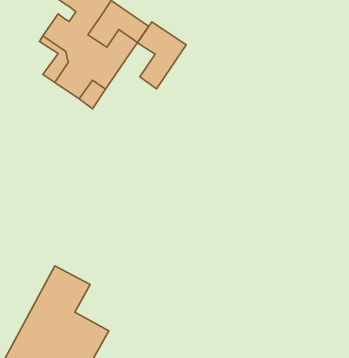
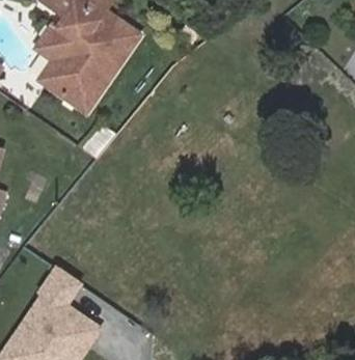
building: [137,22,186,89] -> none

